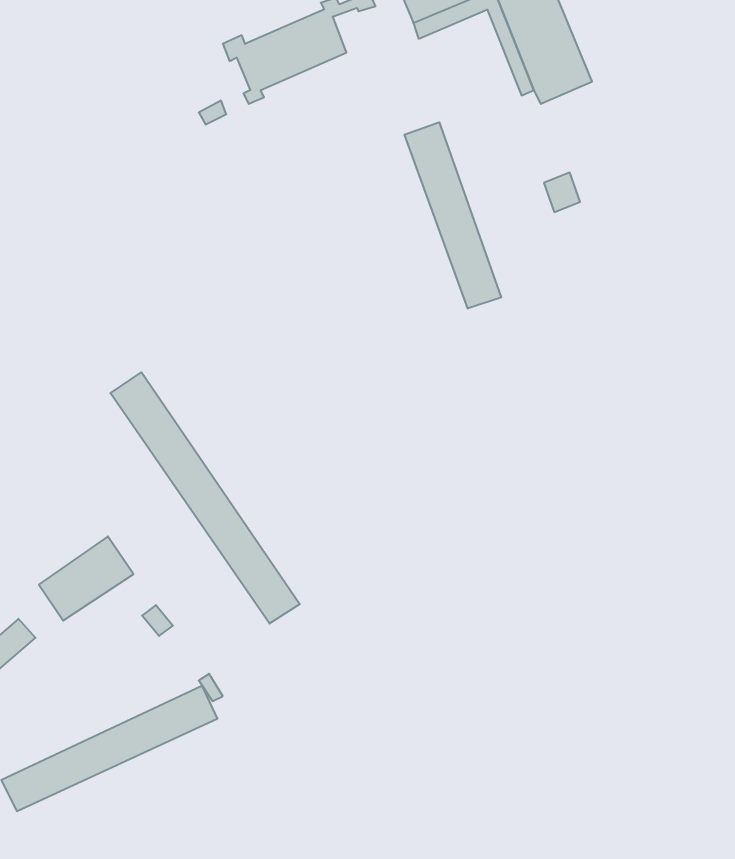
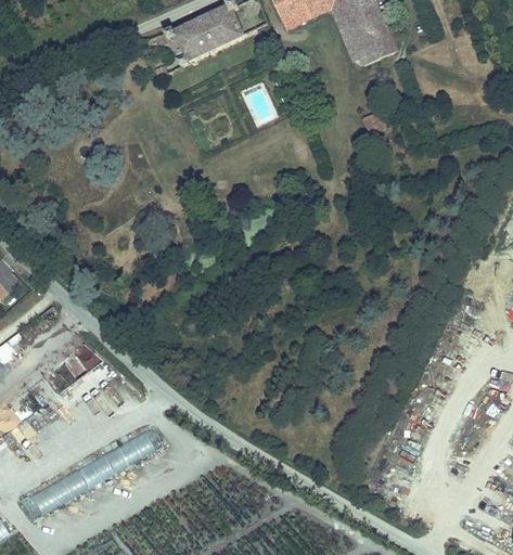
building: [405,122,501,309] -> none
building: [110,372,300,624] -> none

